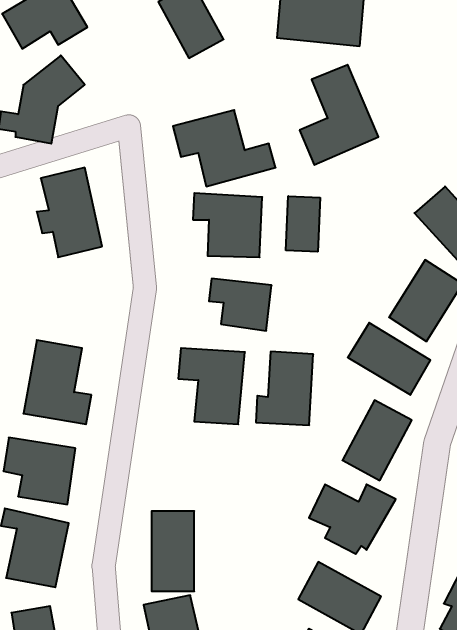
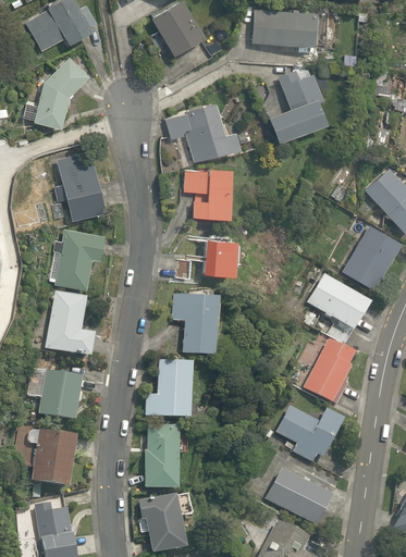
building: [286,196,320,252] -> none
building: none -> [51,227,107,288]
building: [256,352,313,425] -> [146,358,193,418]

